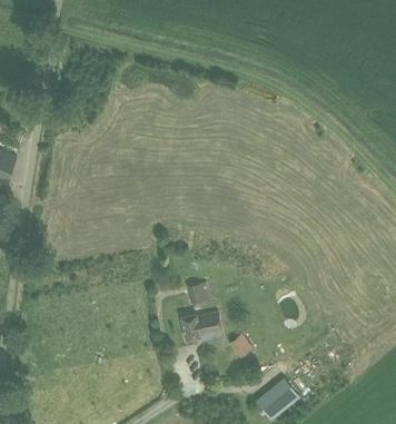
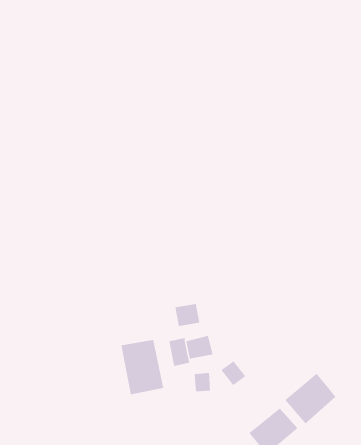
building: none -> [121,339,164,395]
building: none -> [285,373,336,424]

